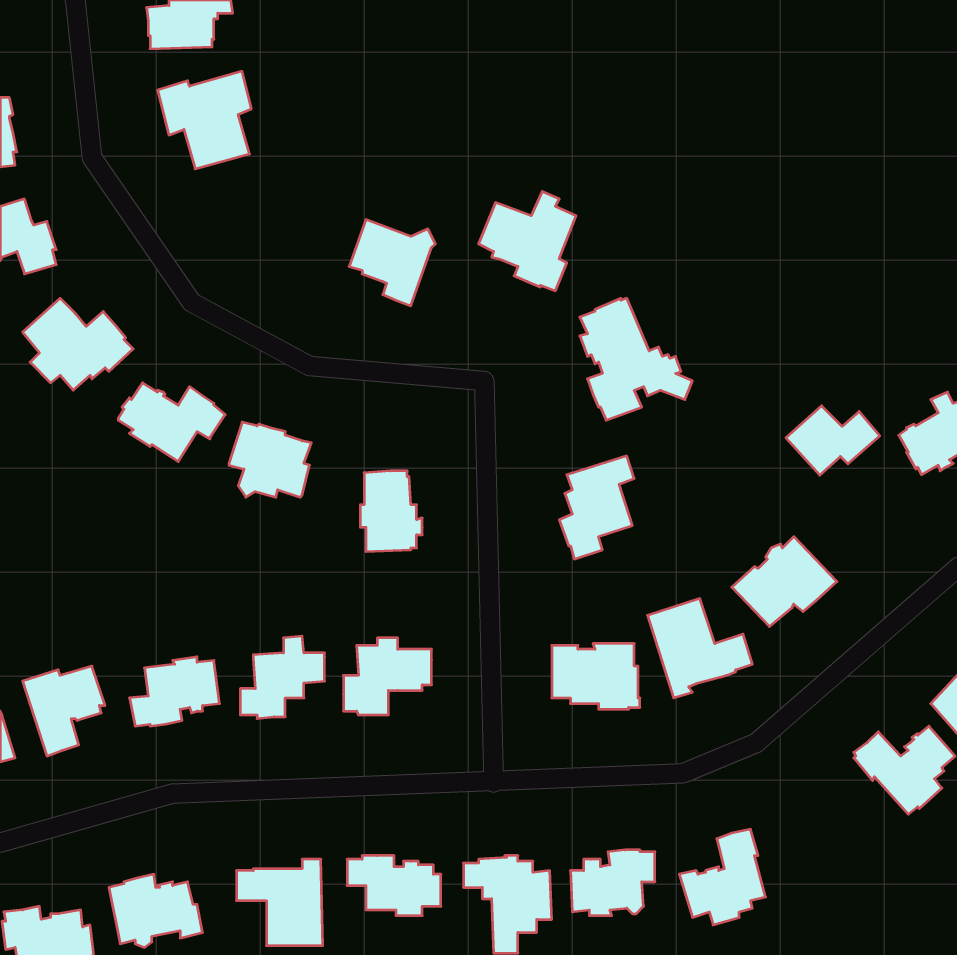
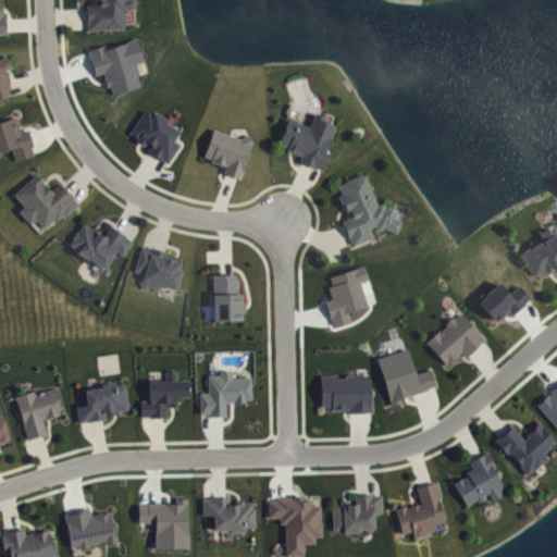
building: none -> [129,110,180,163]
building: [786,406,880,475] -> [481,286,535,326]
building: none -> [454,455,503,507]

